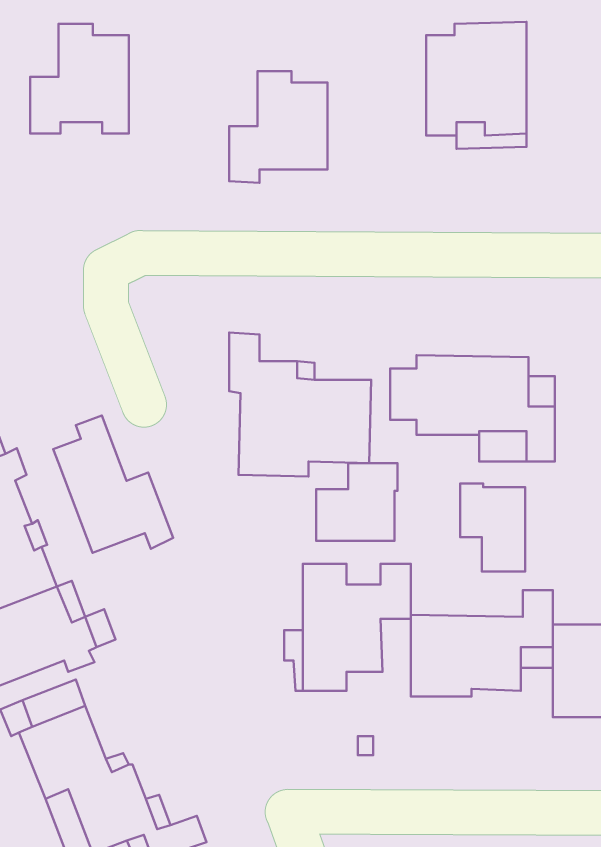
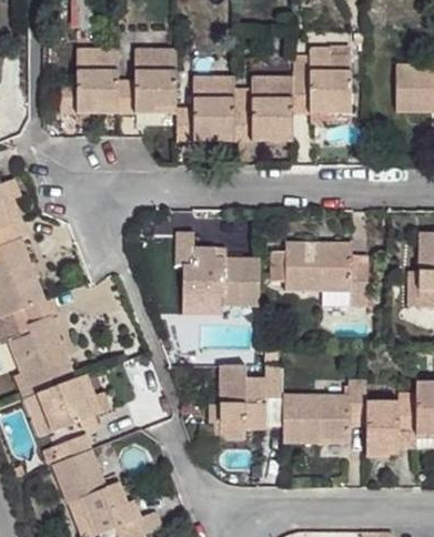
building: none -> [118,49,176,114]
building: none -> [234,78,292,142]
building: [53,415,173,553] -> none
building: [316,463,398,541] -> none
building: [460,484,525,572] -> none

